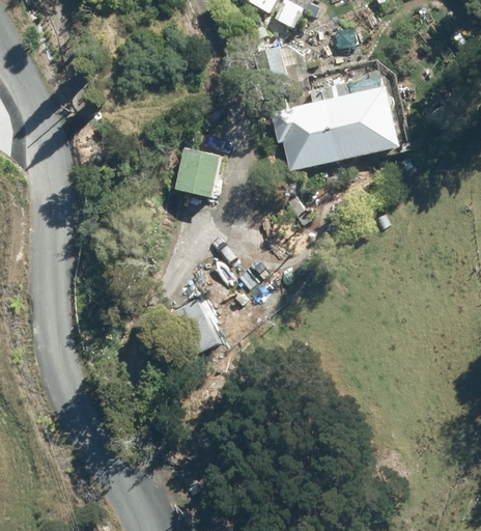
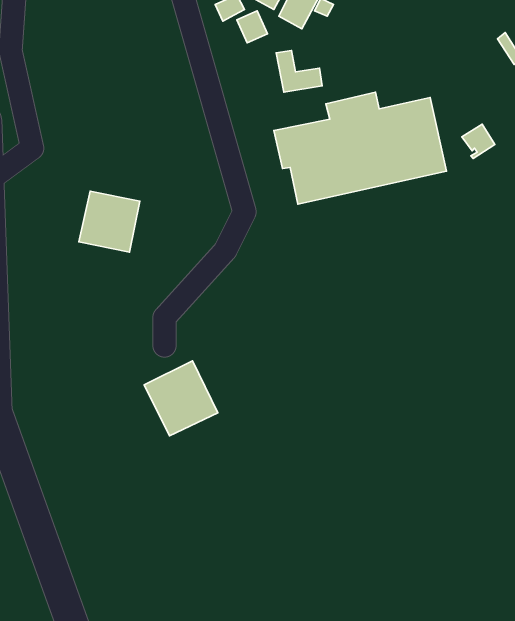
building: [175,146,225,196] -> [79,191,140,252]

